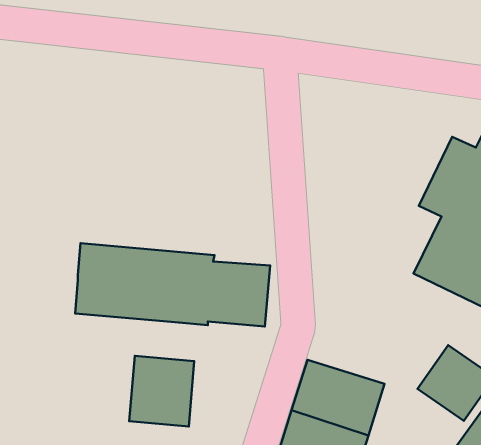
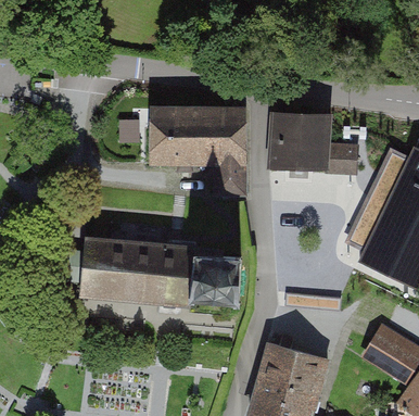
building: none -> [150,103,249,194]
building: none -> [271,114,356,172]
building: [129,356,194,426] -> none

